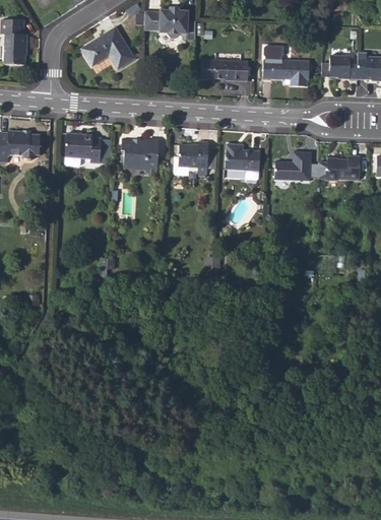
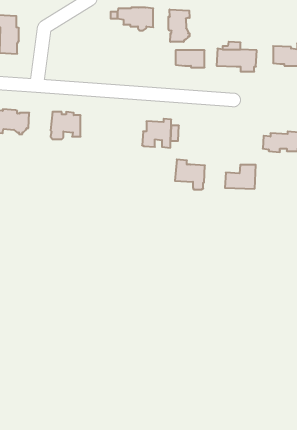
building: none -> [168,9,190,42]
building: [81,25,135,68] -> none
building: [122,138,158,172] -> none
building: [225,143,260,179] -> [175,159,205,189]
building: [274,151,311,180] -> [225,165,256,189]

